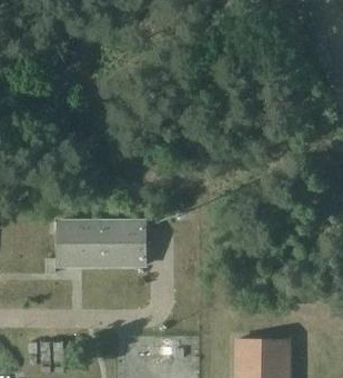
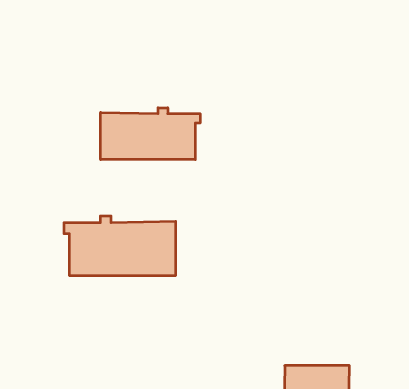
building: none -> [101,108,200,160]

